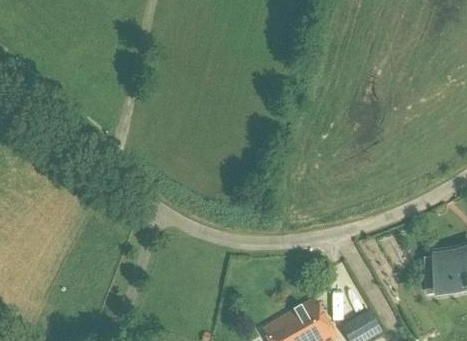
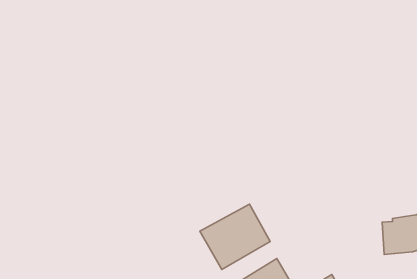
building: none -> [200,204,270,269]

